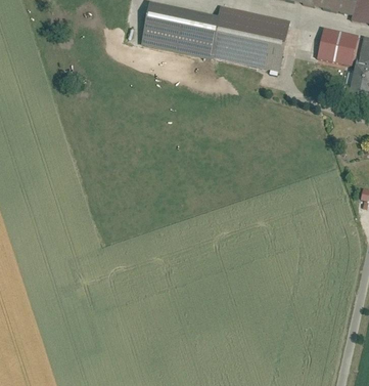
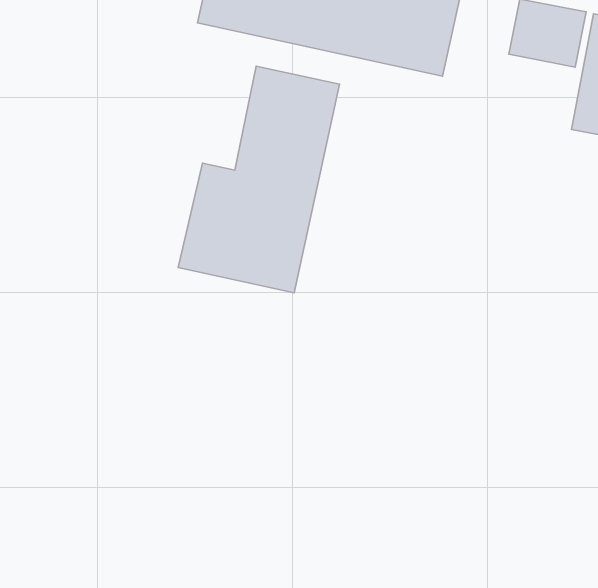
building: none -> [178,66,340,293]

